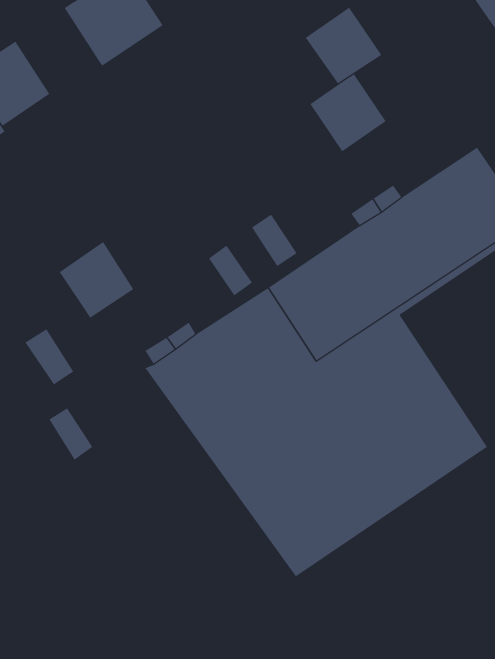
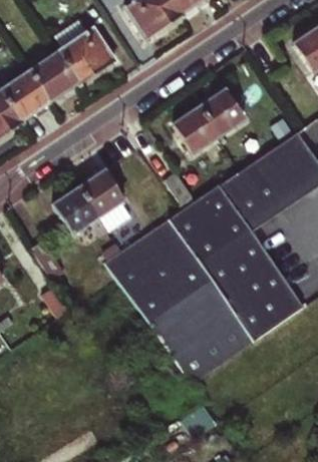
building: [305,7,382,84] -> [174,107,219,152]
building: none -> [28,51,76,101]
building: none -> [79,169,130,229]

